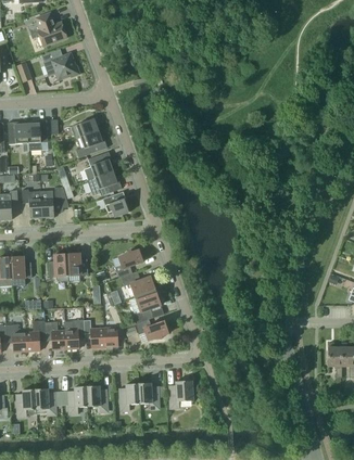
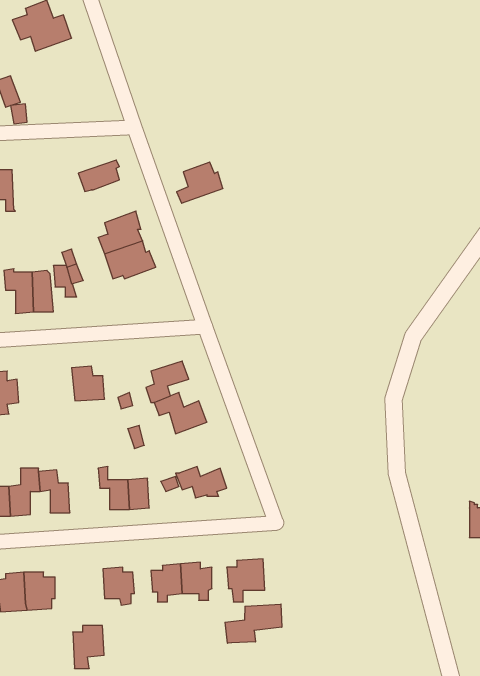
building: [41,50,79,79] -> none
building: [27,119,48,150] -> none
building: [76,130,106,157] -> [177,162,223,203]
building: [102,191,129,217] -> none
building: [48,254,68,281] -> none
building: [129,290,161,323] -> none
building: [64,319,85,349] -> none
building: [67,386,88,414] -> [73,626,104,668]
building: none -> [225,604,282,643]

